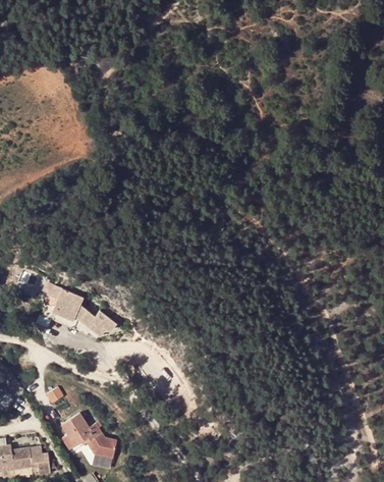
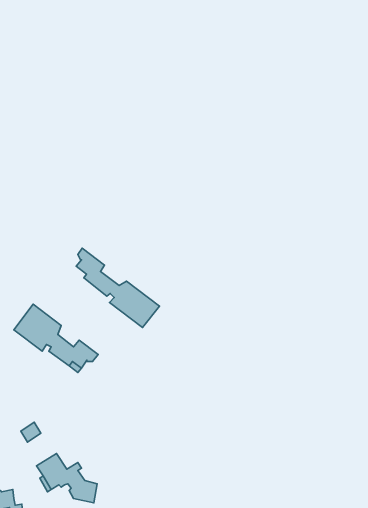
building: none -> [76,248,160,328]

